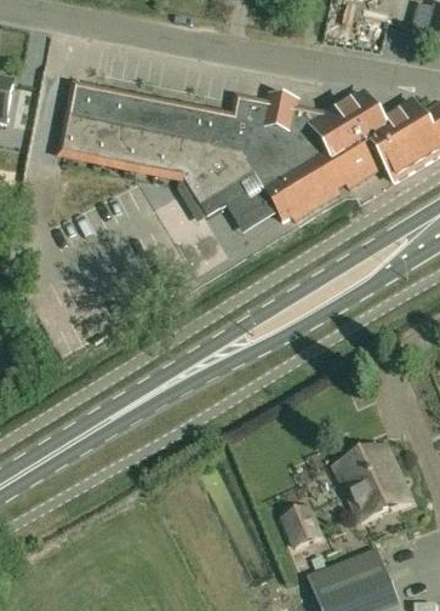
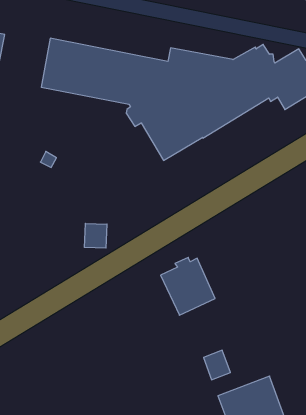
building: none -> [84,223,107,248]
building: [335,442,408,521] -> [161,257,215,315]

